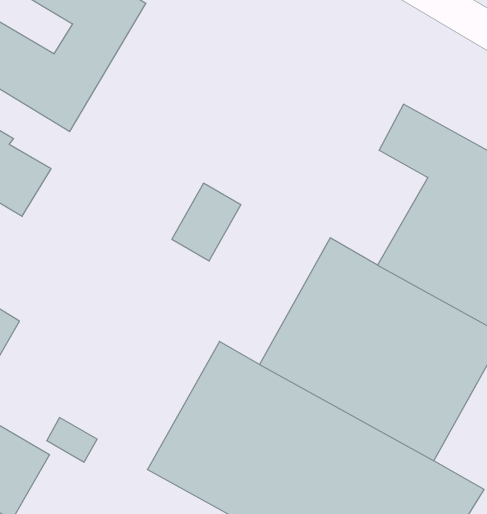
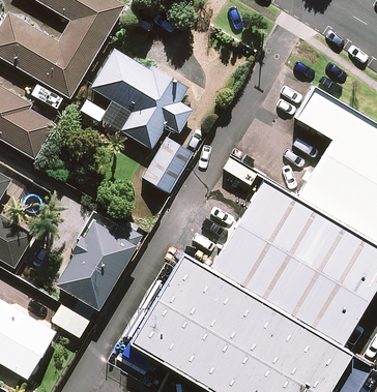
building: none -> [91,50,193,150]
building: none -> [55,209,142,308]

